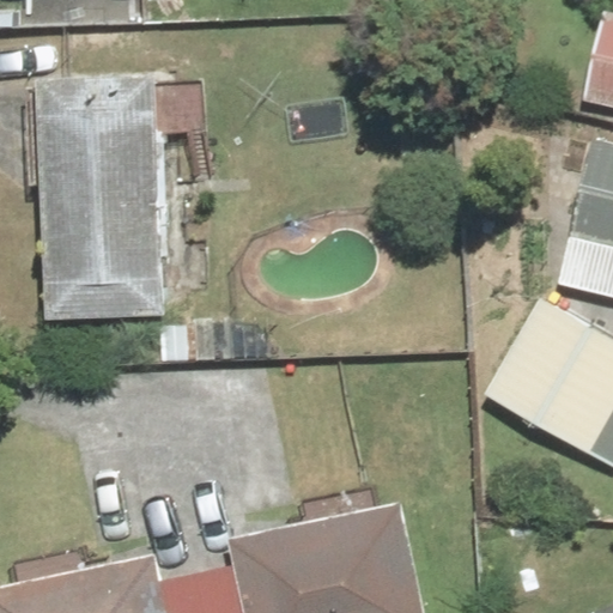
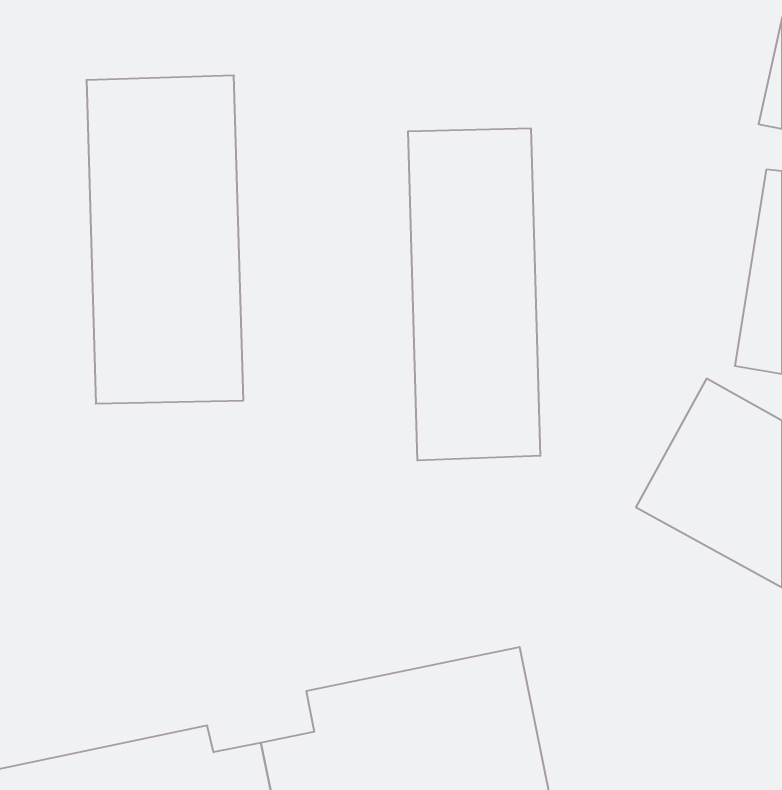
building: none -> [408,128,540,461]

